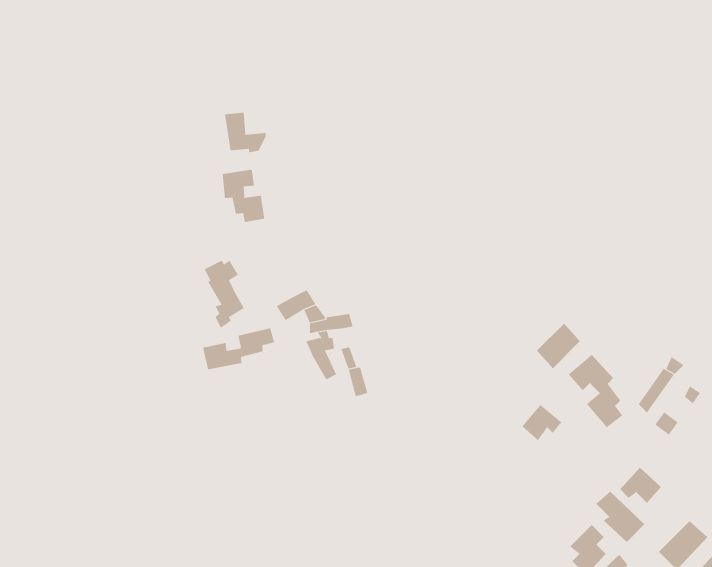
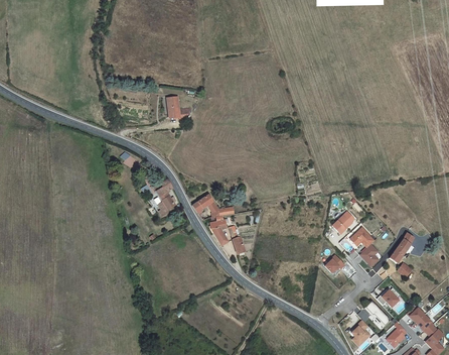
building: [222,169,265,223] -> none
building: [203,328,275,370] -> none

